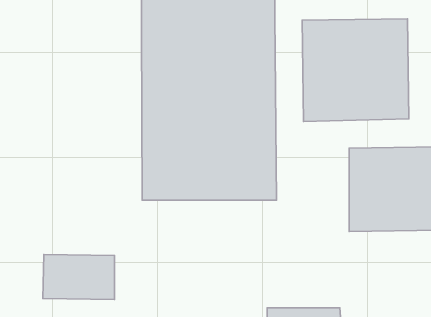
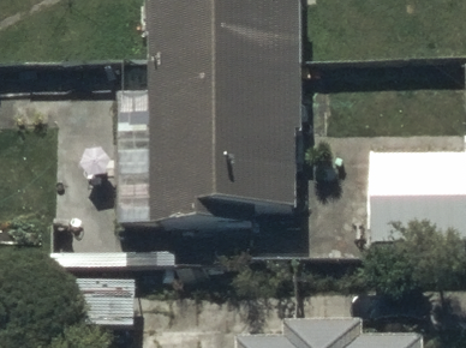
building: [302,19,409,121] -> none

